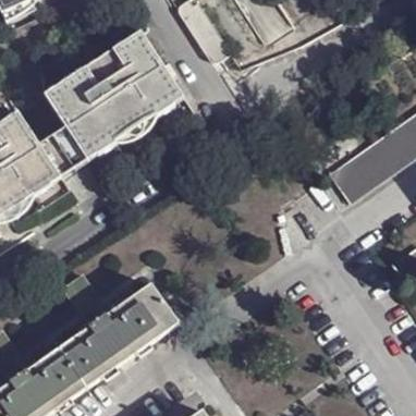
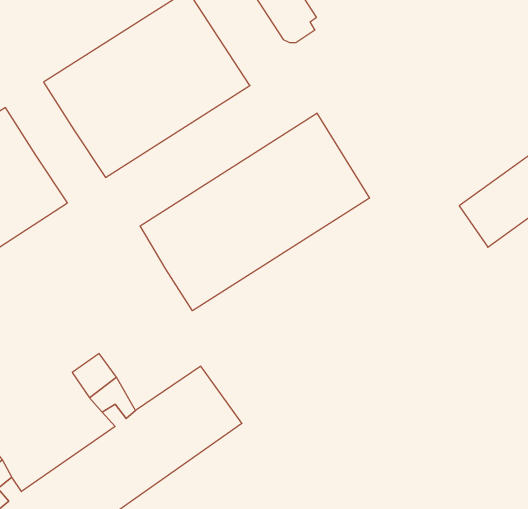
building: none -> [140,113,370,311]
building: [38,124,86,174] -> none

